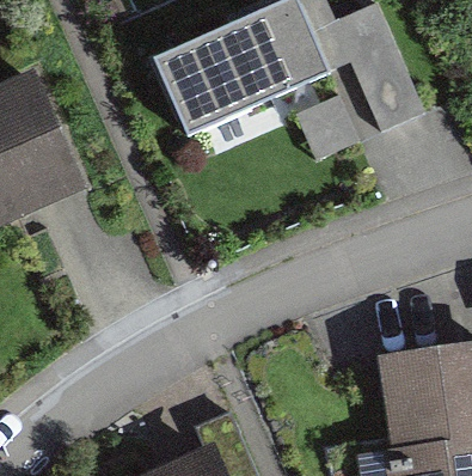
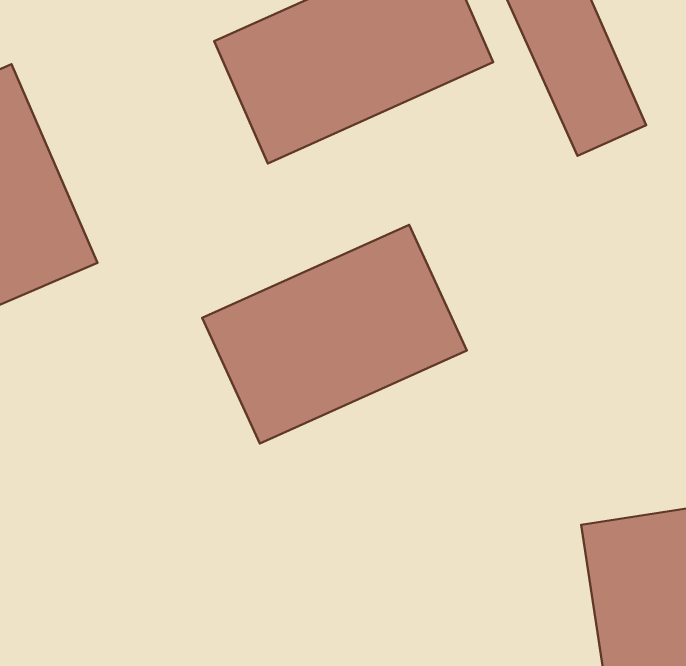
building: none -> [202,225,467,443]

